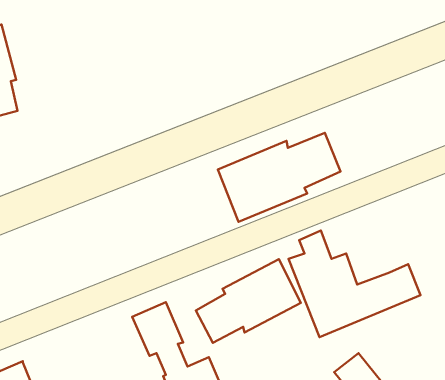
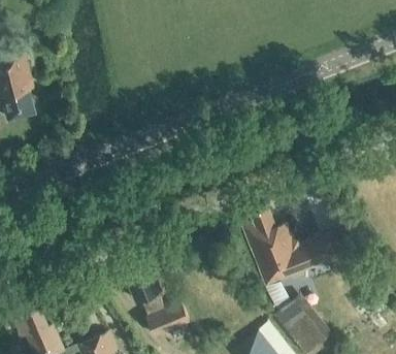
building: [218,133,341,222] -> none
building: [196,259,301,343] -> none

